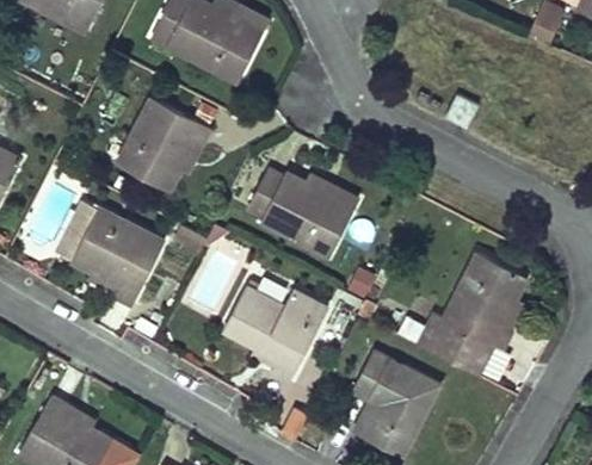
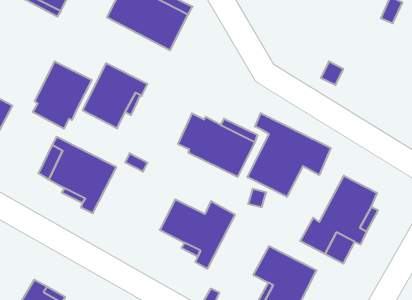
building: none -> [33,61,92,129]
building: none -> [247,113,331,197]

